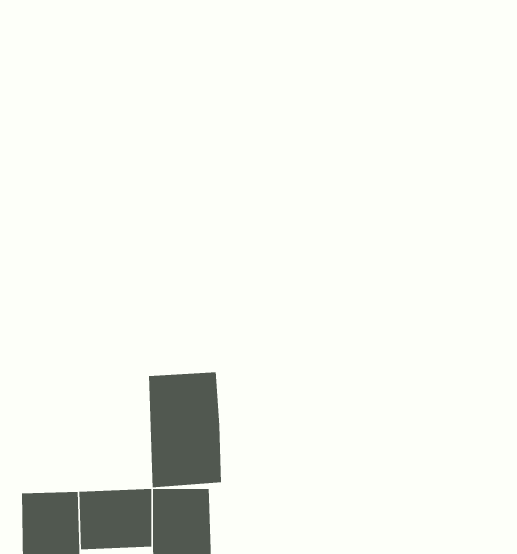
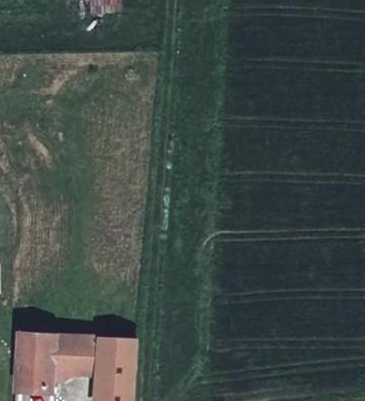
building: [148,371,222,488] -> none

